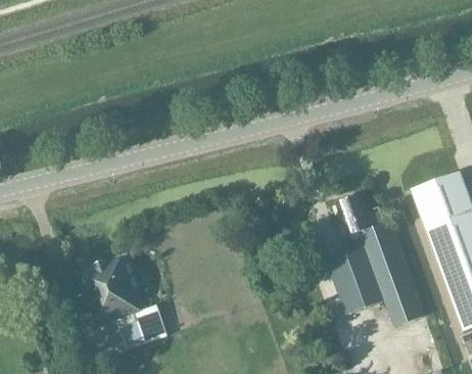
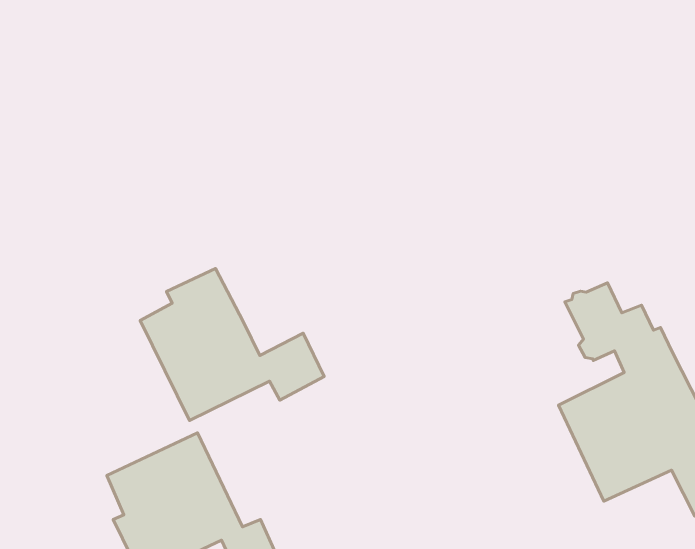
building: none -> [140,268,324,420]

